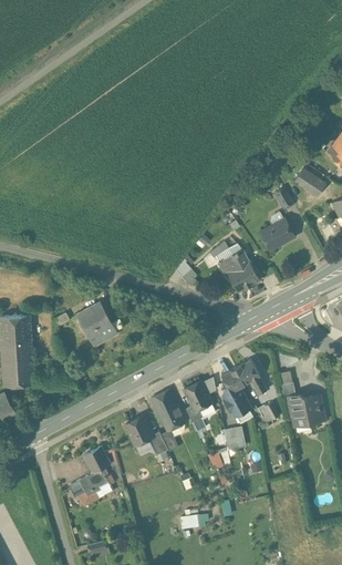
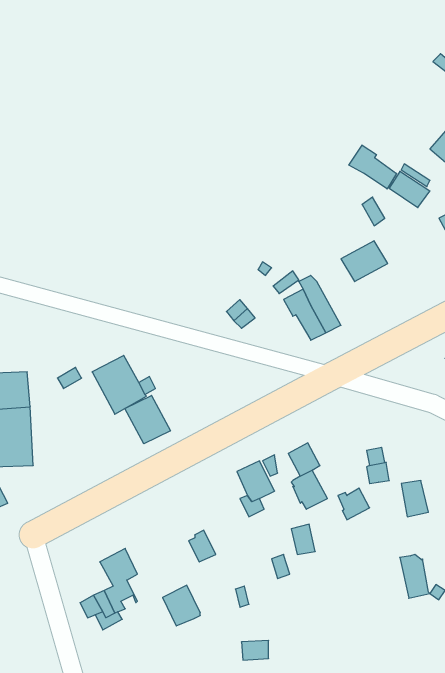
building: none -> [349,145,397,189]
building: none -> [125,395,170,444]
building: [235,358,267,393] -> none
building: [151,390,184,431] -> none
building: [287,394,309,427] -> [400,554,430,598]
building: [124,415,152,445] -> [163,585,200,626]

